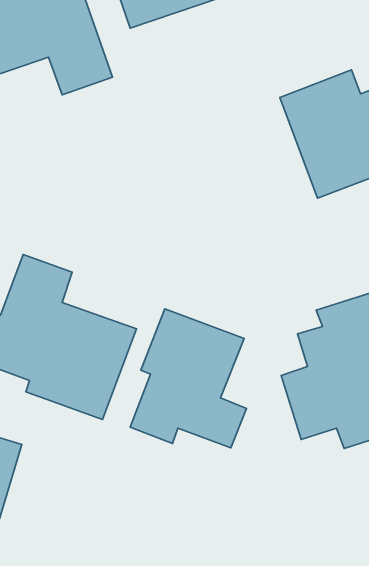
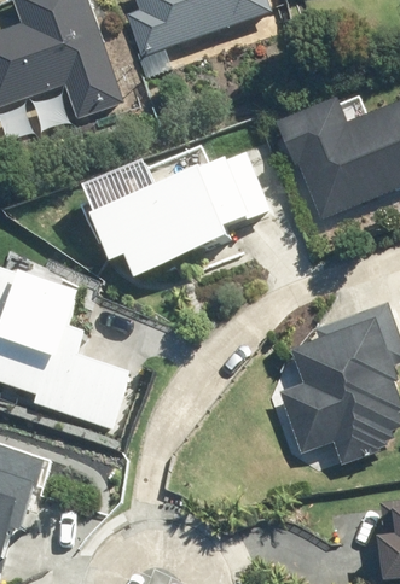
building: none -> [91,146,283,274]
building: [130,309,246,448] -> none

